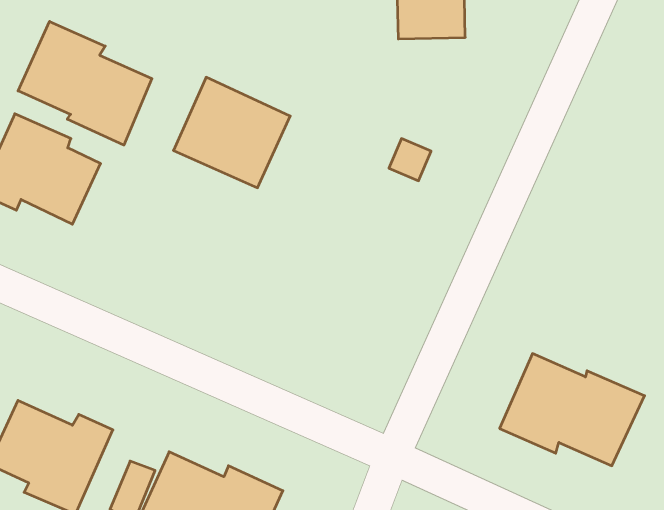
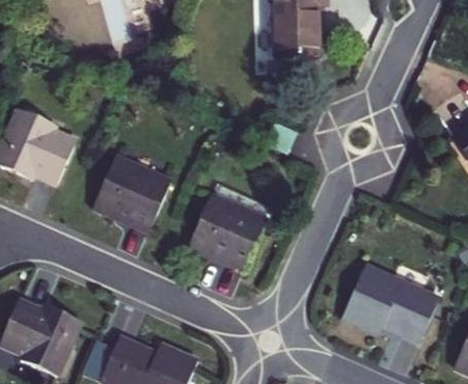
building: [18,21,152,145] -> none
building: [173,77,290,188] -> [93,157,171,230]
building: none -> [188,198,264,271]

